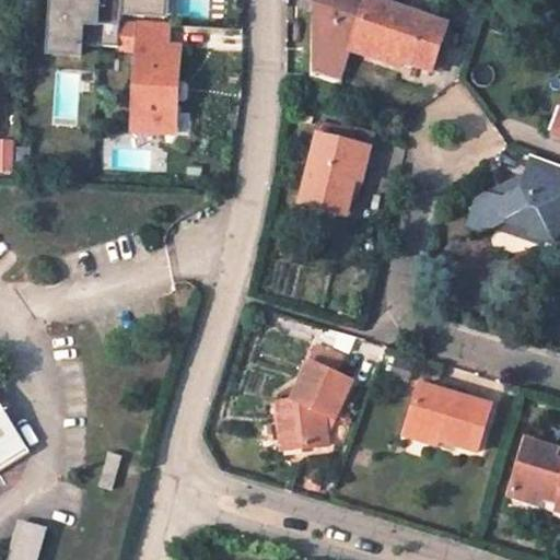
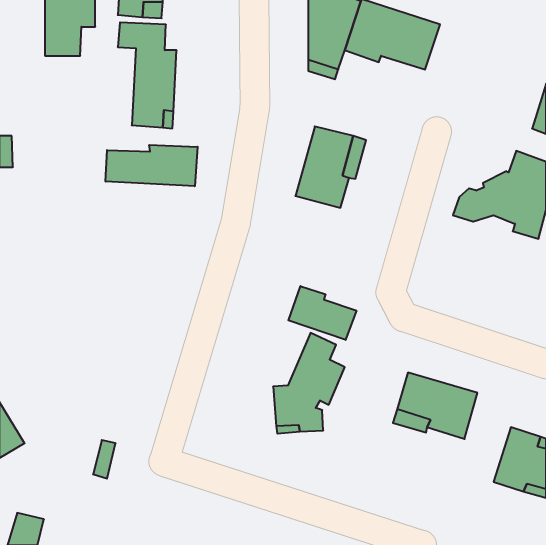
building: none -> [106,145,198,186]
building: none -> [288,286,356,340]

